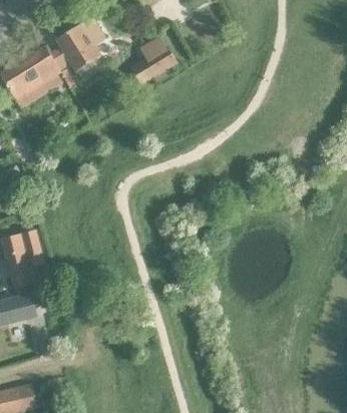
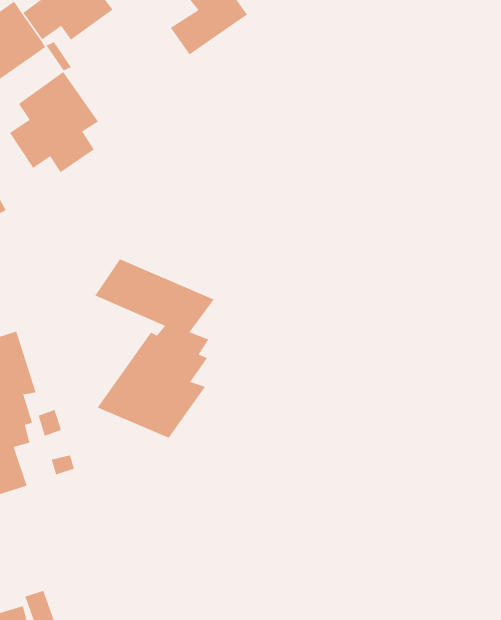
building: none -> [9,71,99,173]
building: none -> [94,258,214,439]

